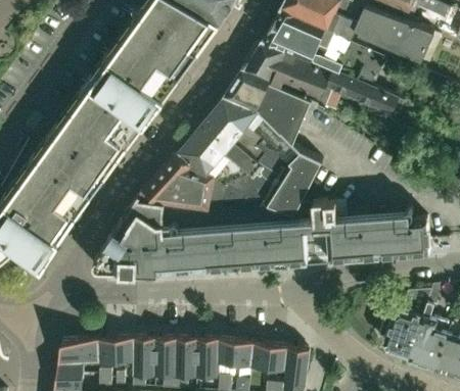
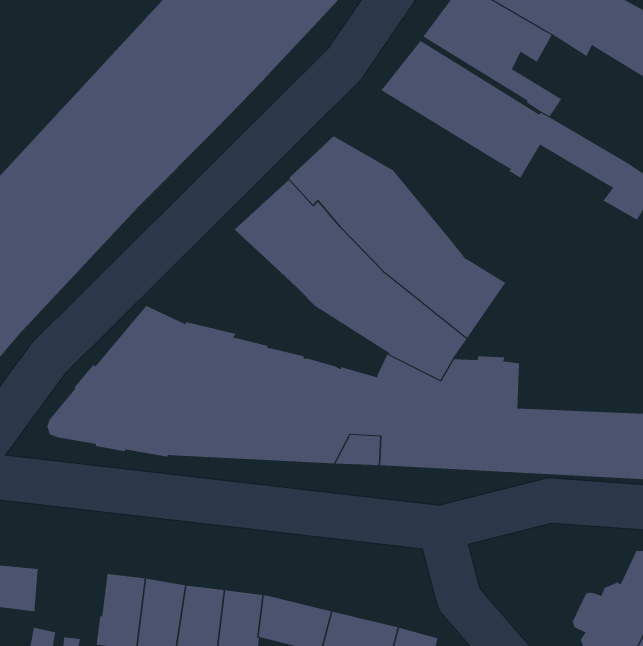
building: [224,68,311,143] -> none
building: [137,151,266,218] -> none
building: [98,338,134,362] -> none

